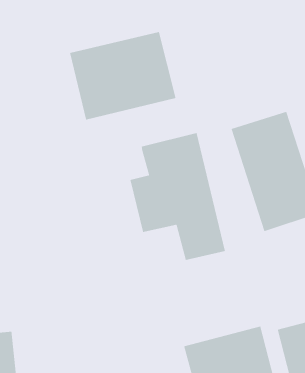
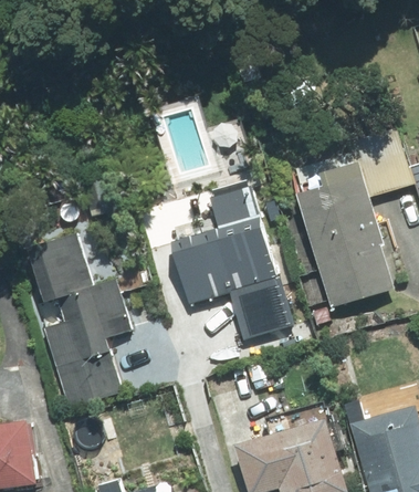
building: [69,31,176,120] -> none
building: none -> [29,229,130,410]

